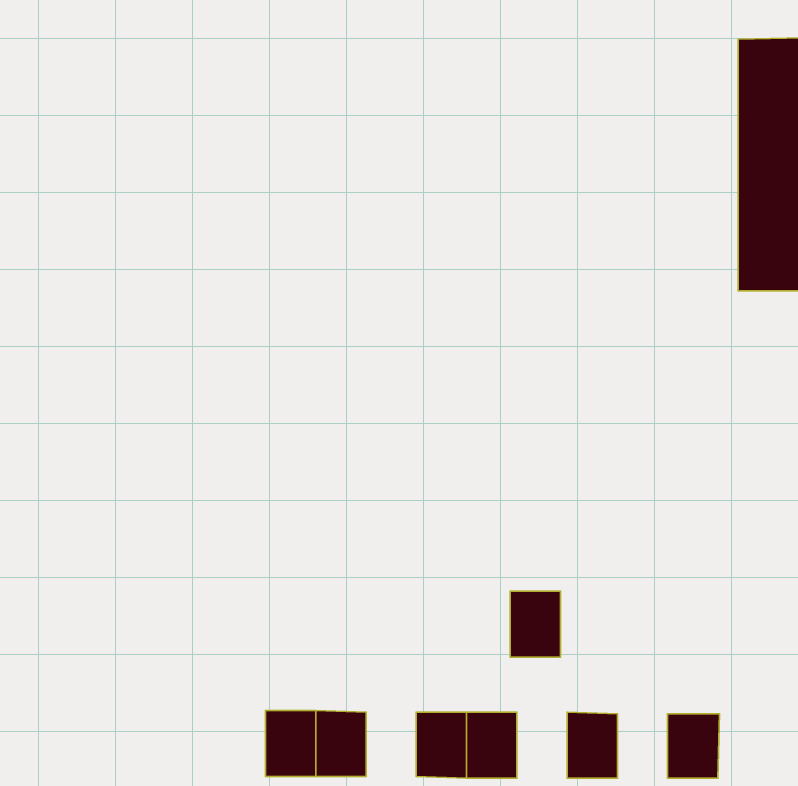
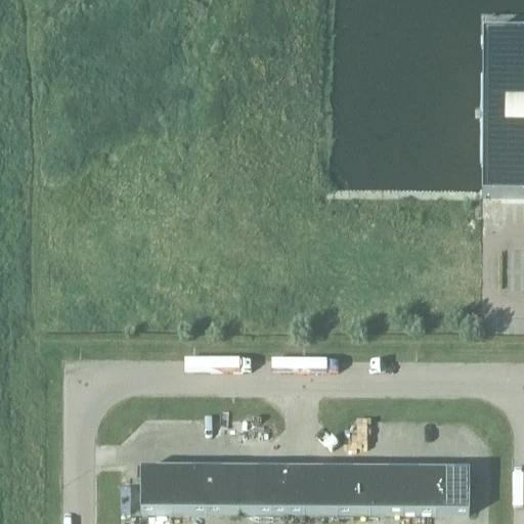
building: [510,591,560,657] -> [340,464,373,507]
building: none -> [142,463,176,506]
building: none -> [242,464,274,506]
building: none -> [405,465,438,507]

